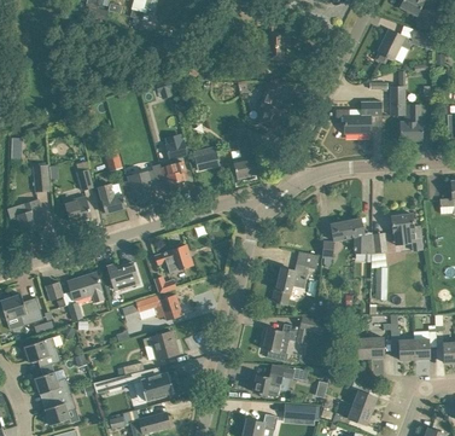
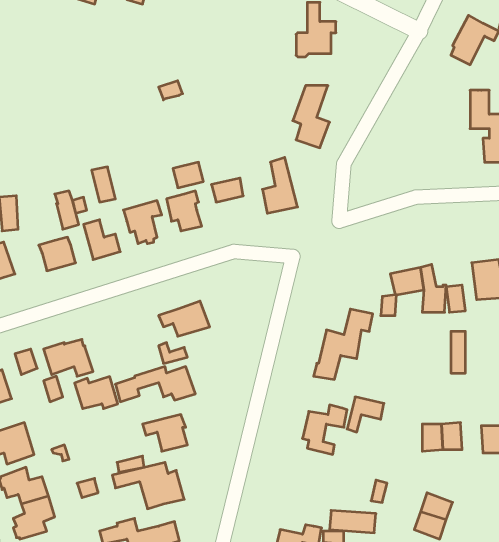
building: [336,101,381,134] -> none
building: [106,262,139,286] -> [75,377,118,409]
building: [252,365,294,397] -> none

